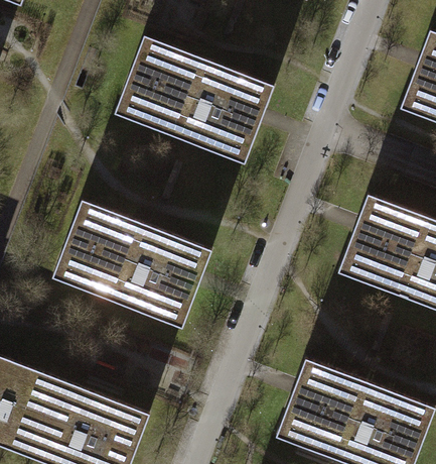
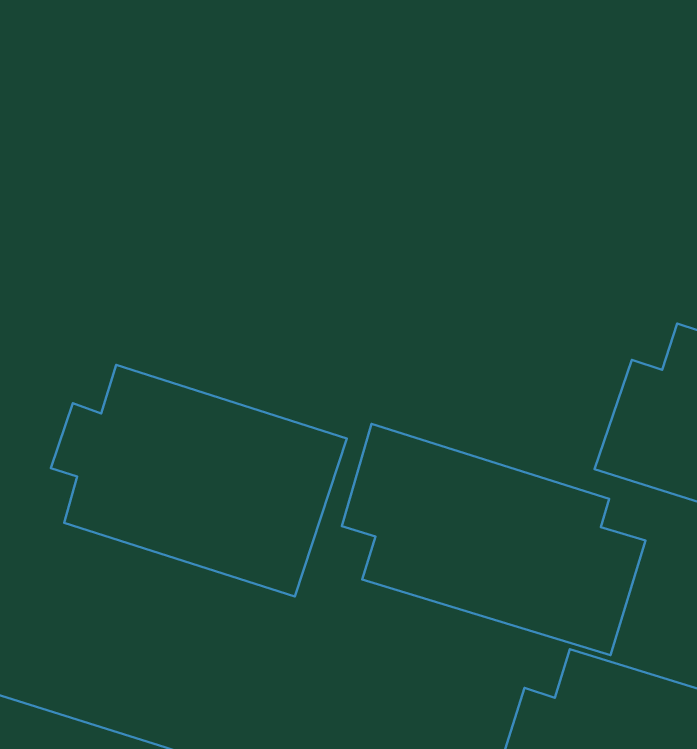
building: [123,44,273,164] -> none
building: none -> [342,424,646,655]

